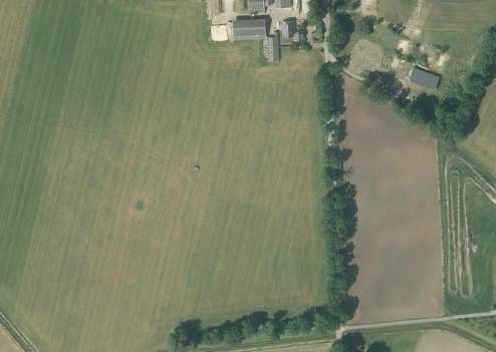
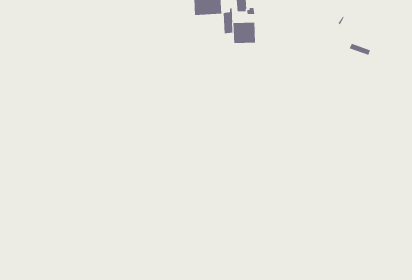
building: none -> [233,22,256,44]

